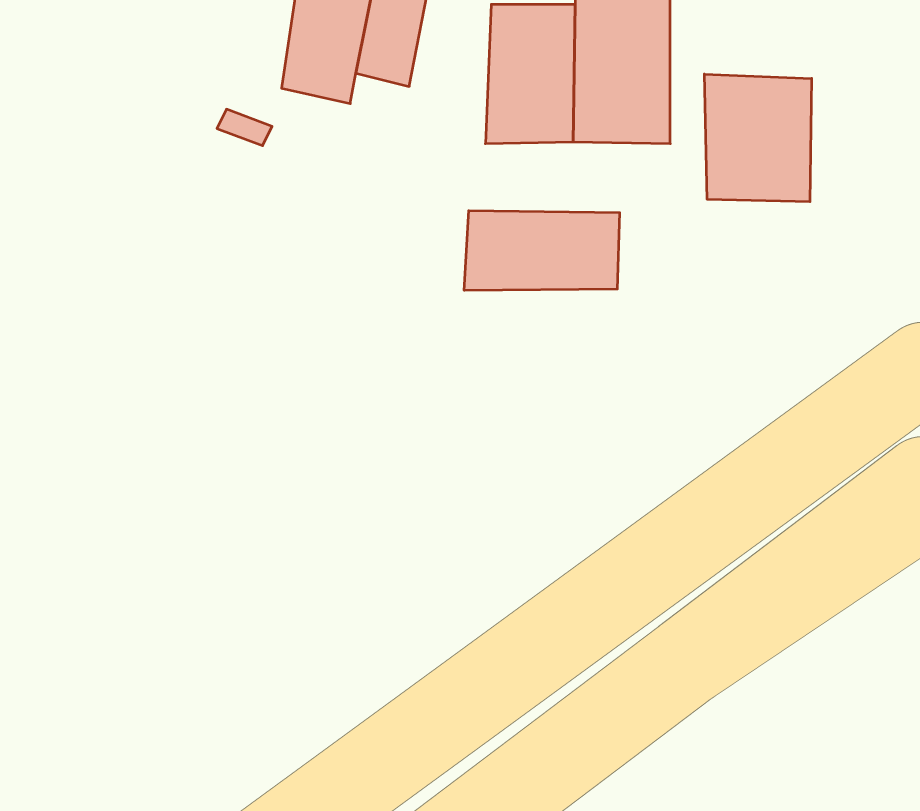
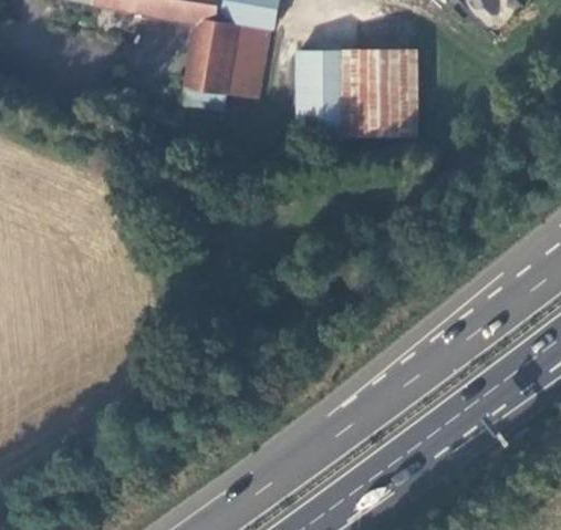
building: [704,74,812,202] -> none
building: [464,211,620,290] -> none

